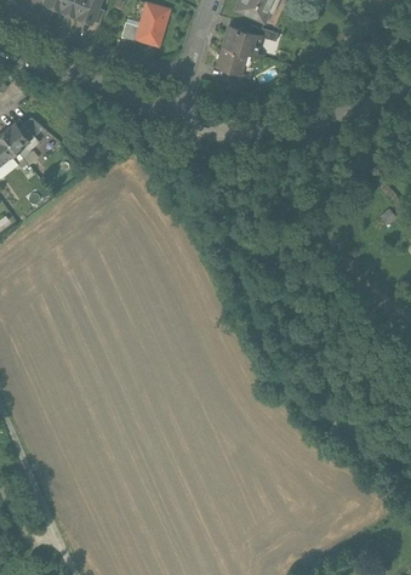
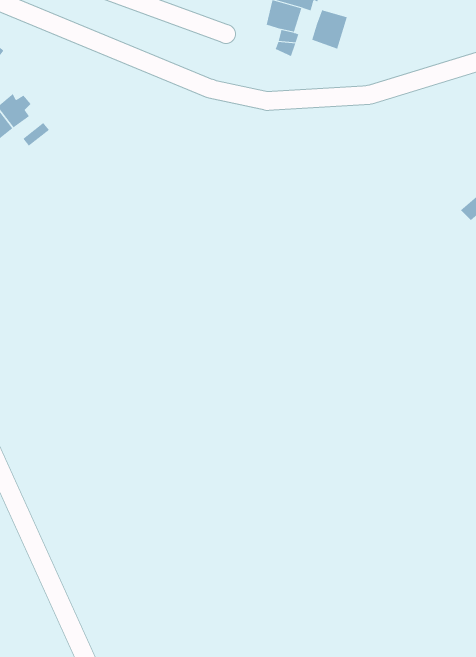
building: none -> [311,10,347,50]

